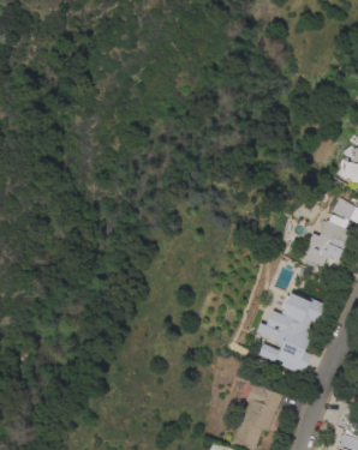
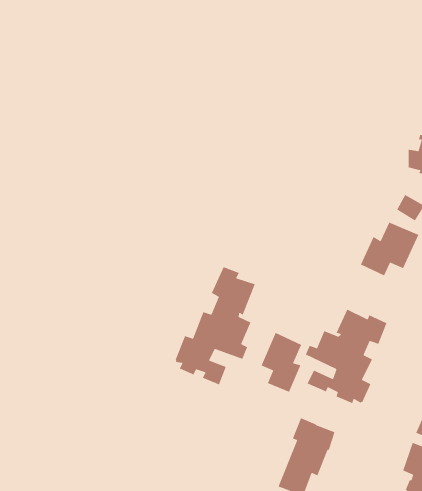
building: none -> [174,266,256,386]
building: none -> [261,332,302,393]

